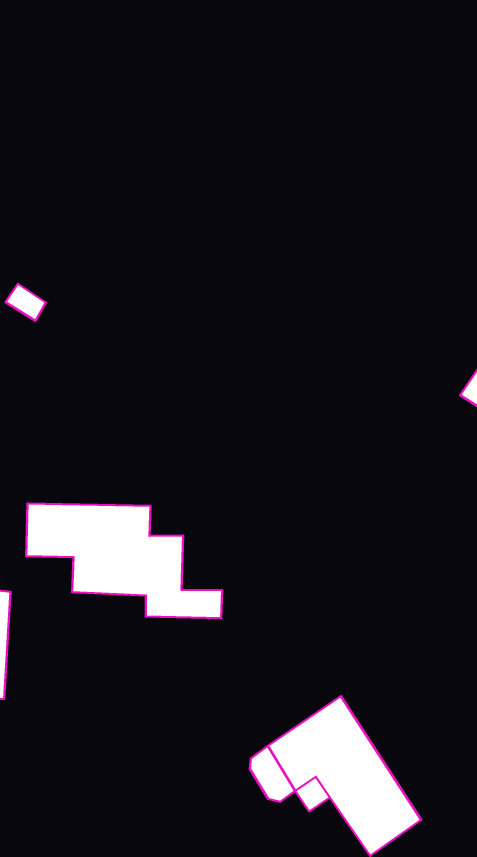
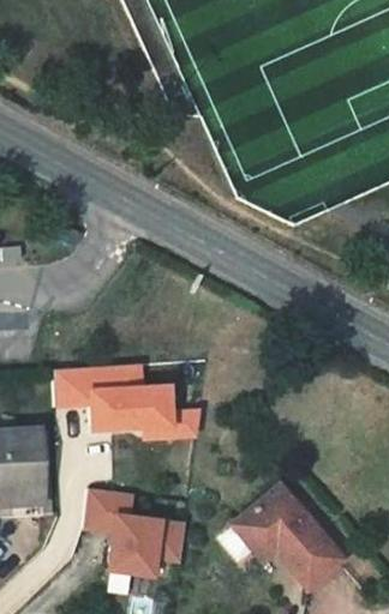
building: none -> [85,493,190,580]

